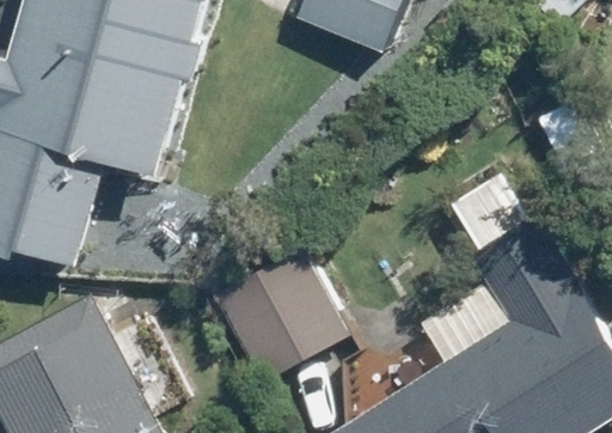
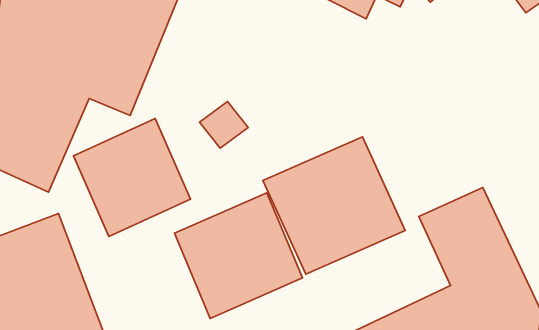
building: none -> [263,137,405,274]
building: none -> [73,118,190,237]

